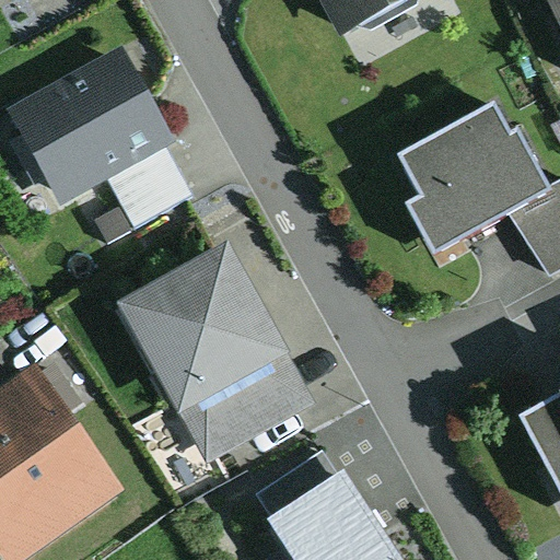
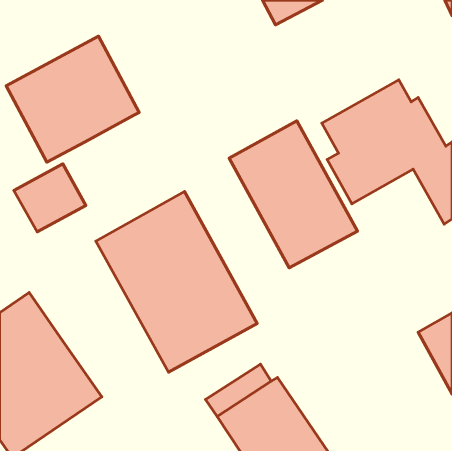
building: [105,144,194,229] -> [14,164,86,232]
building: none -> [229,121,358,268]

